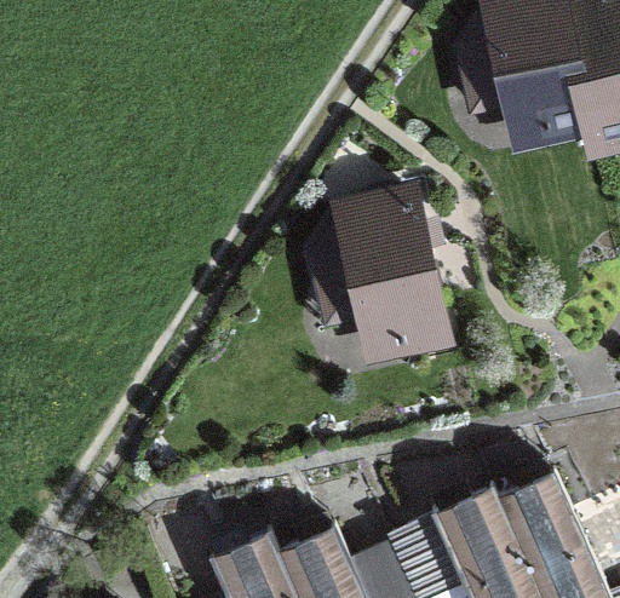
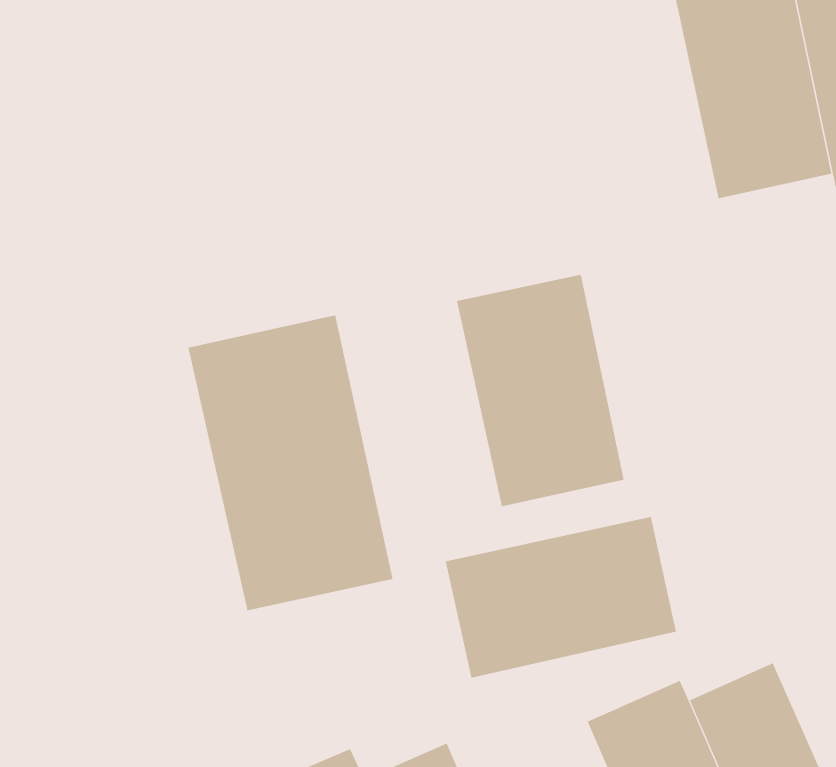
building: none -> [188,315,393,611]
building: none -> [445,516,677,679]

